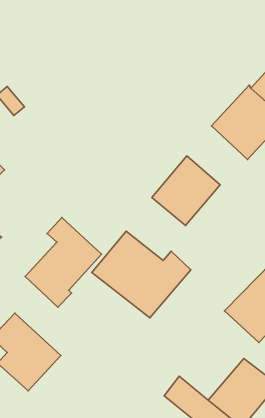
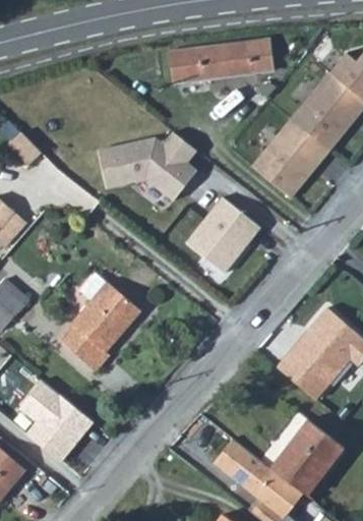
building: none -> [167,38,271,82]
building: none -> [101,128,203,201]
building: [92,231,191,318] -> none

